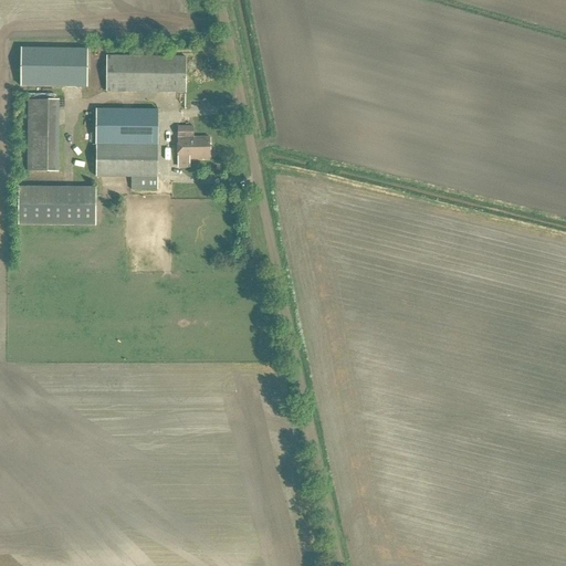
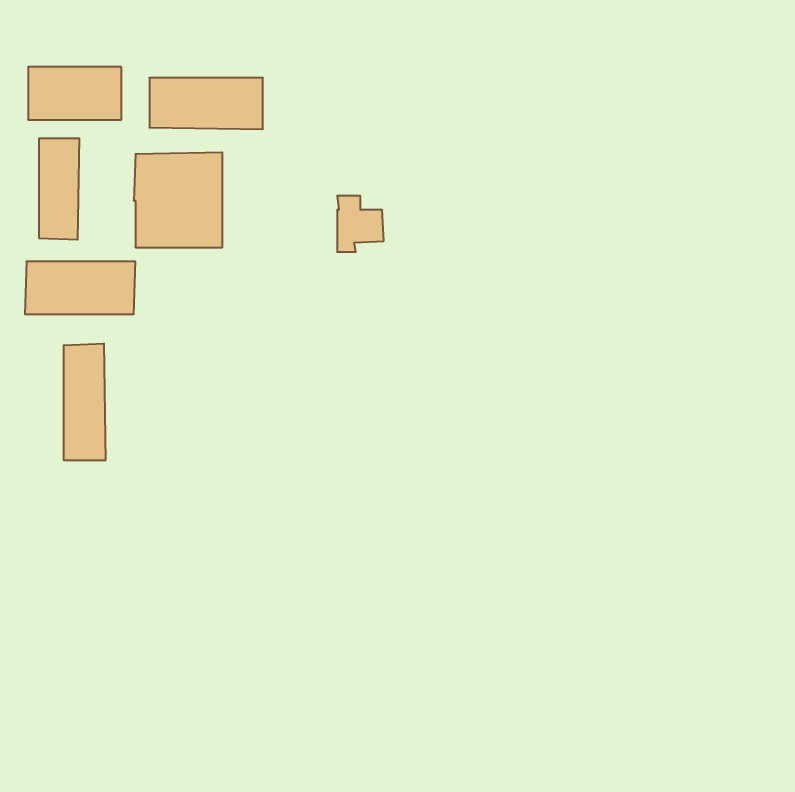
building: [177,126,210,166] -> [337,196,384,252]
building: none -> [64,343,106,460]

